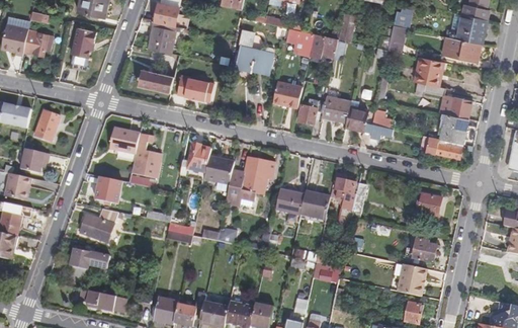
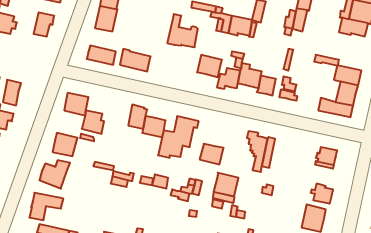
building: [414,57,443,86] -> none
building: [298,191,329,220] -> [214,173,238,196]

